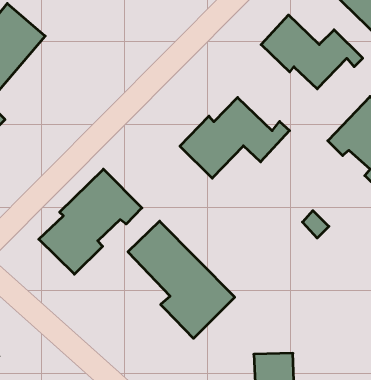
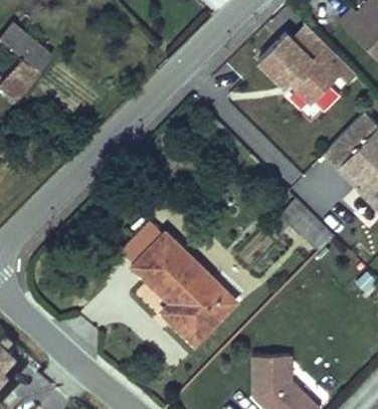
building: [180,97,290,178] -> none
building: [39,169,142,274] -> none

